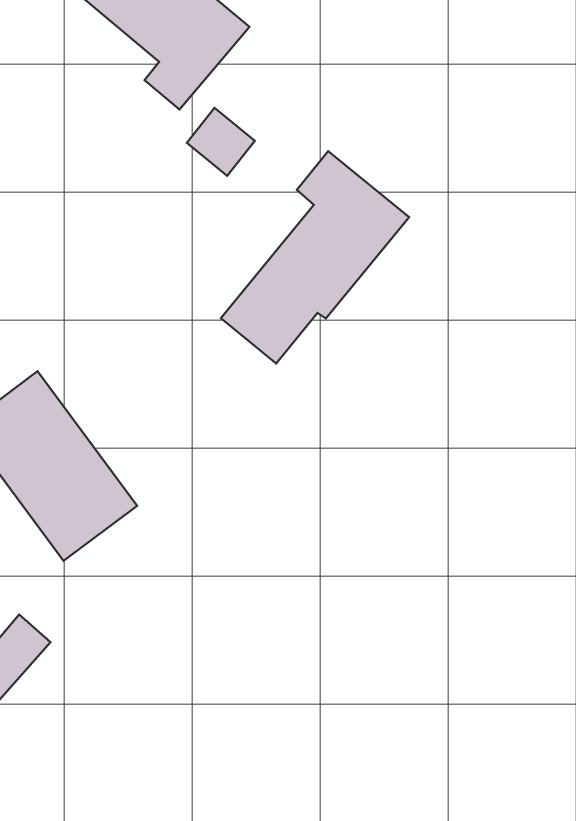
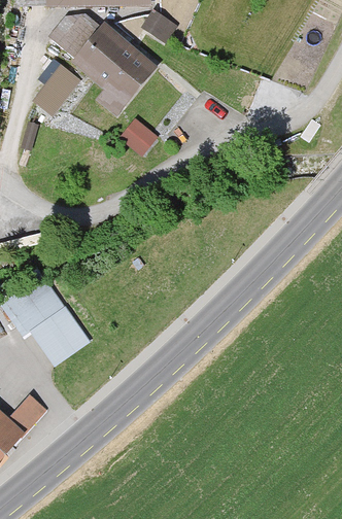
building: none -> [33,65,80,115]
building: [221,151,409,364] -> none

